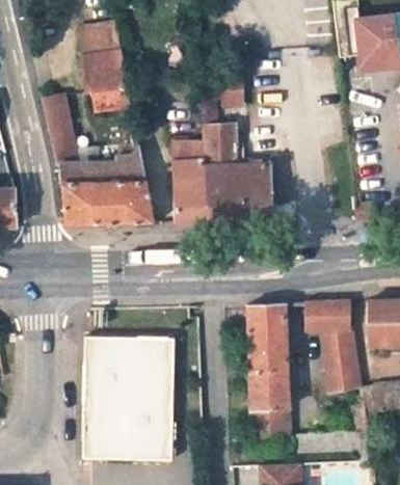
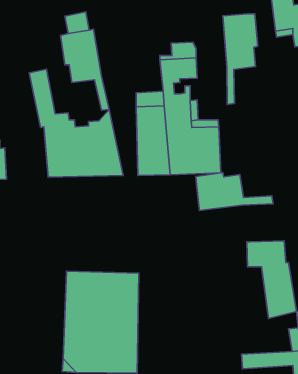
building: none -> [223,14,258,105]
building: none -> [196,173,273,210]
building: [247,302,289,451] -> none

